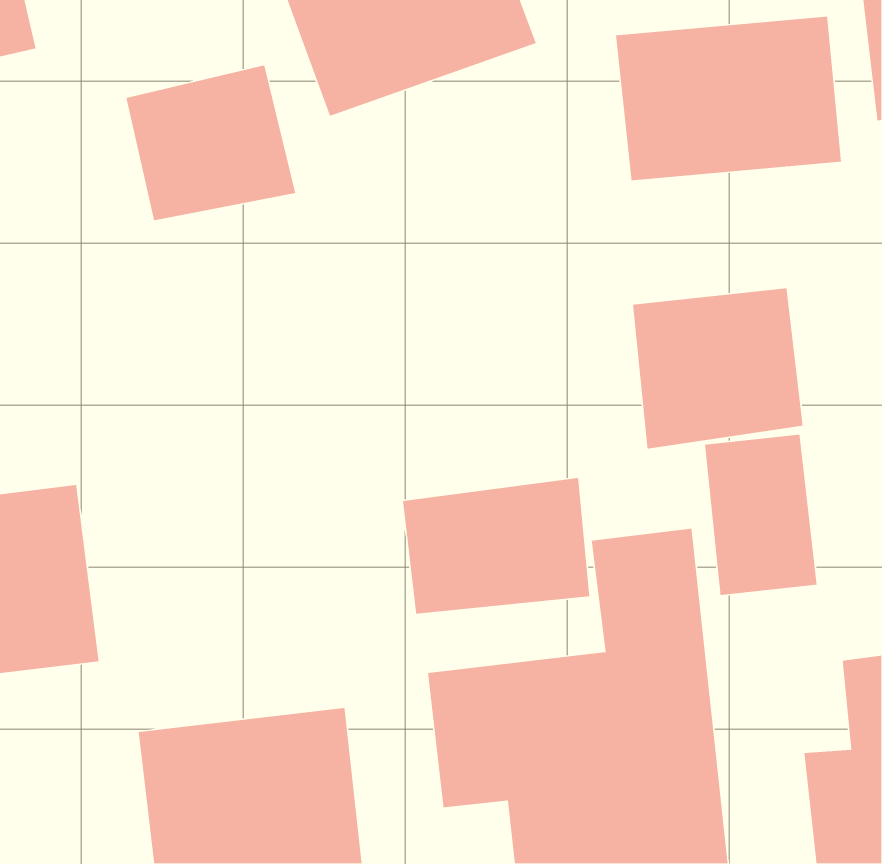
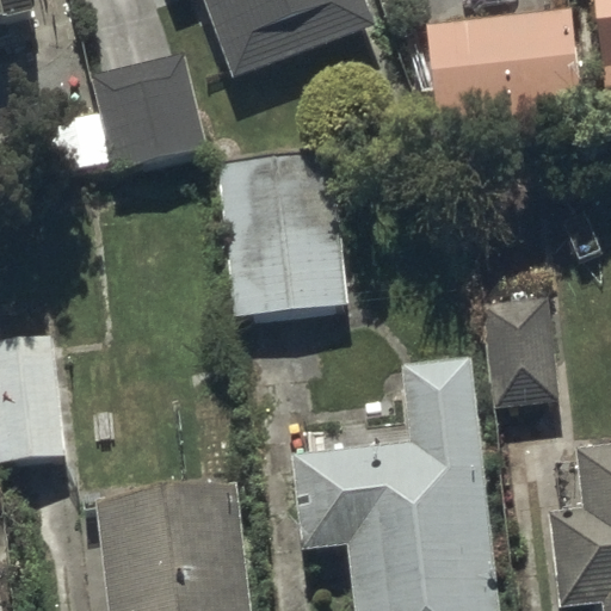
building: none -> [241,153,346,315]
building: [632,288,804,449] -> none
building: [402,477,590,614] -> none

